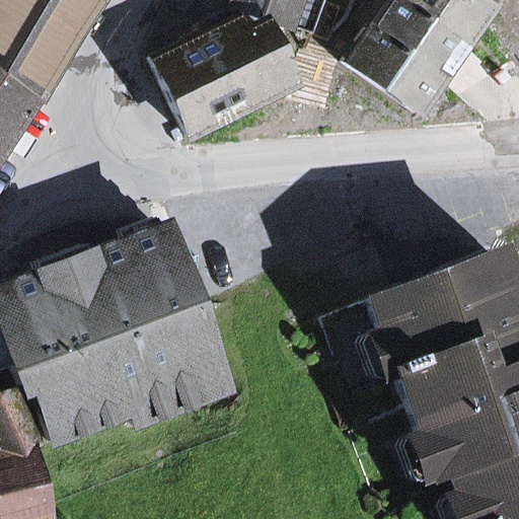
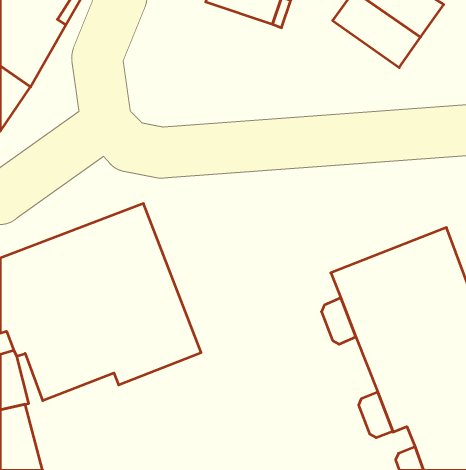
building: [153,14,295,133] -> none
building: [348,22,445,110] -> none

